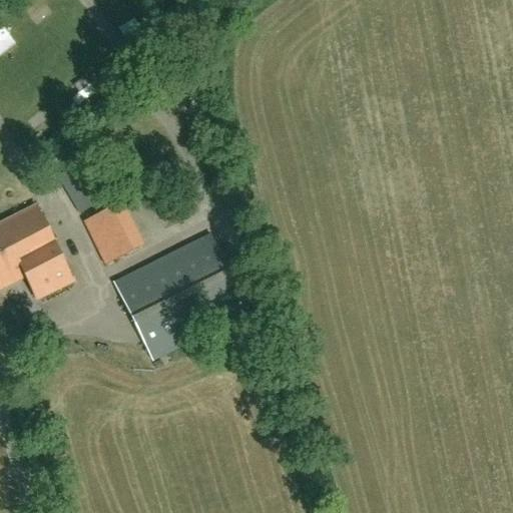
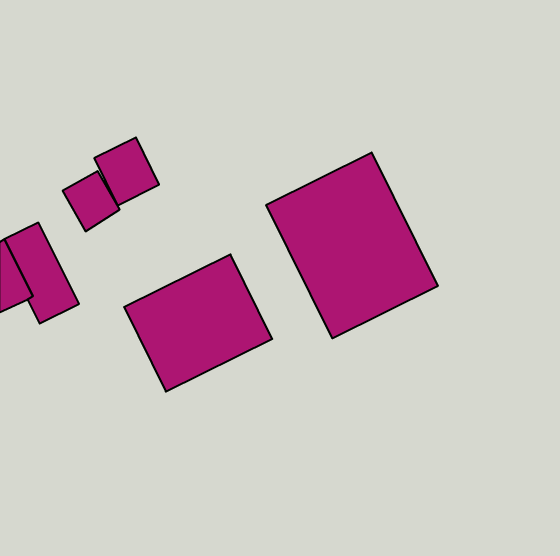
building: none -> [266,152,438,338]
building: [83,200,142,263] -> [94,137,159,205]

